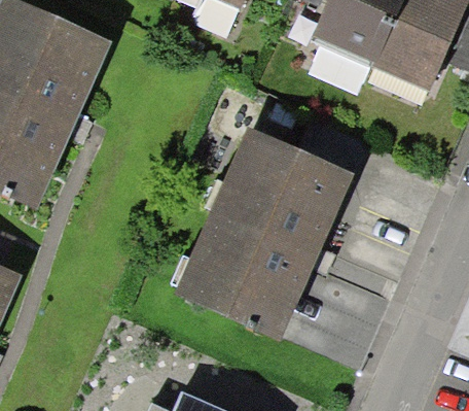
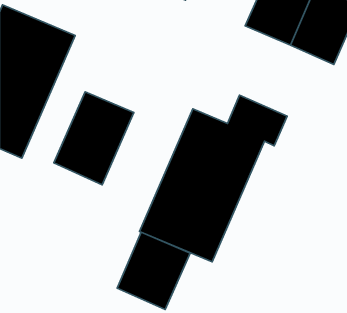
building: none -> [54,92,134,185]
building: none -> [117,232,190,310]

